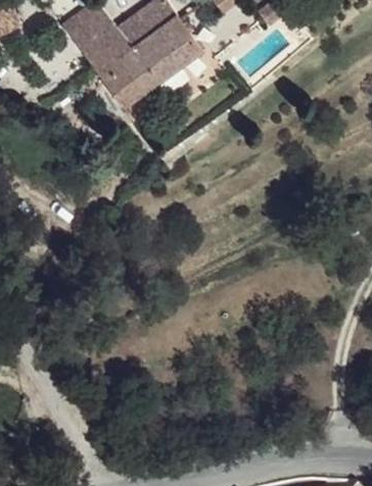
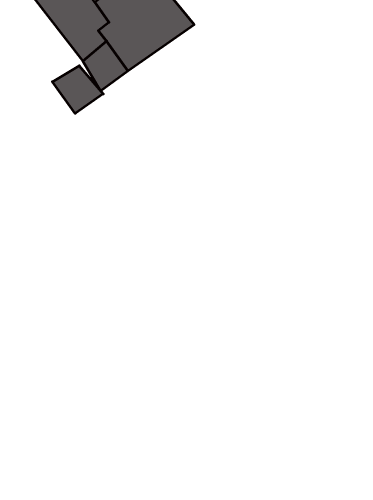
building: none -> [52,66,103,113]

